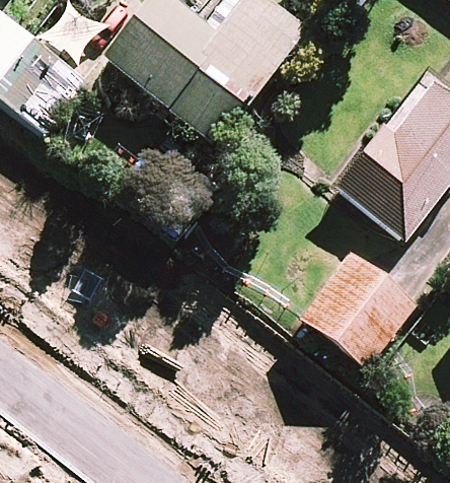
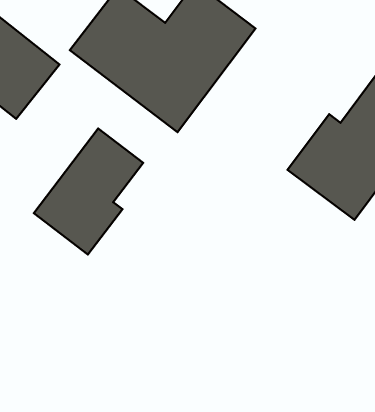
building: none -> [34,129,143,254]
building: [302,251,417,365] -> none

